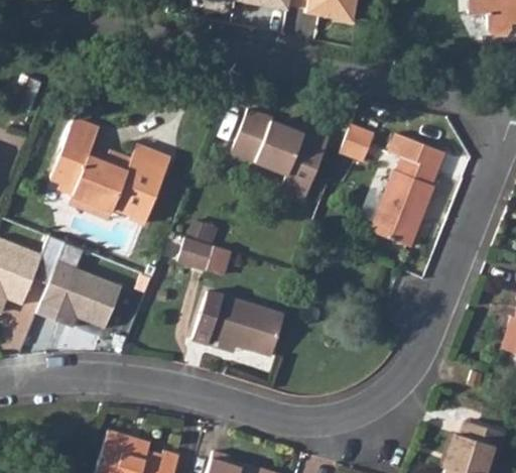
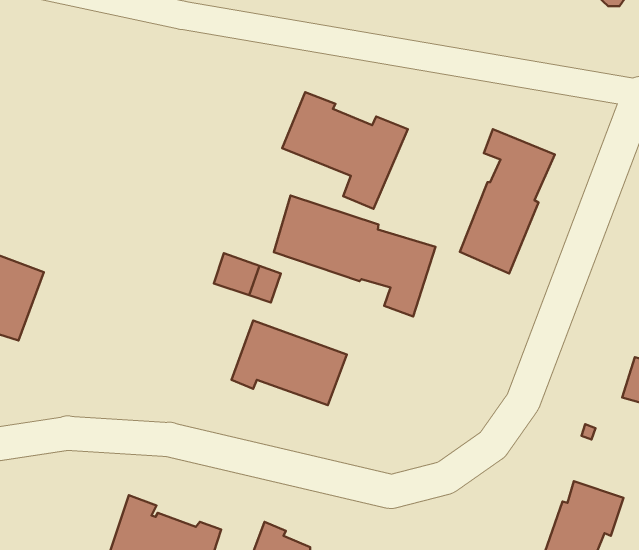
building: [51,121,173,228] -> none
building: [344,123,377,161] -> none
building: none -> [274,196,436,317]
building: [36,243,118,329] -> none

